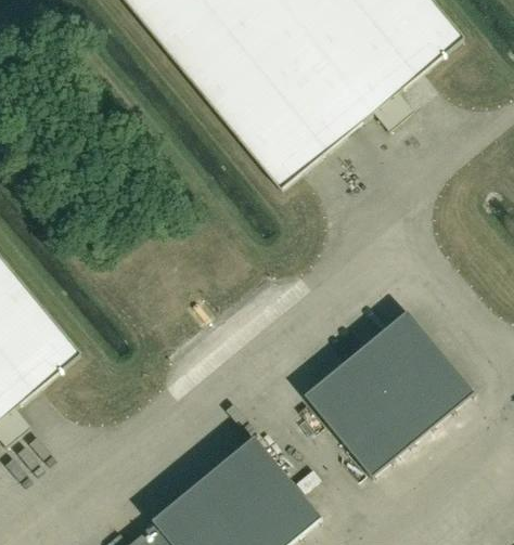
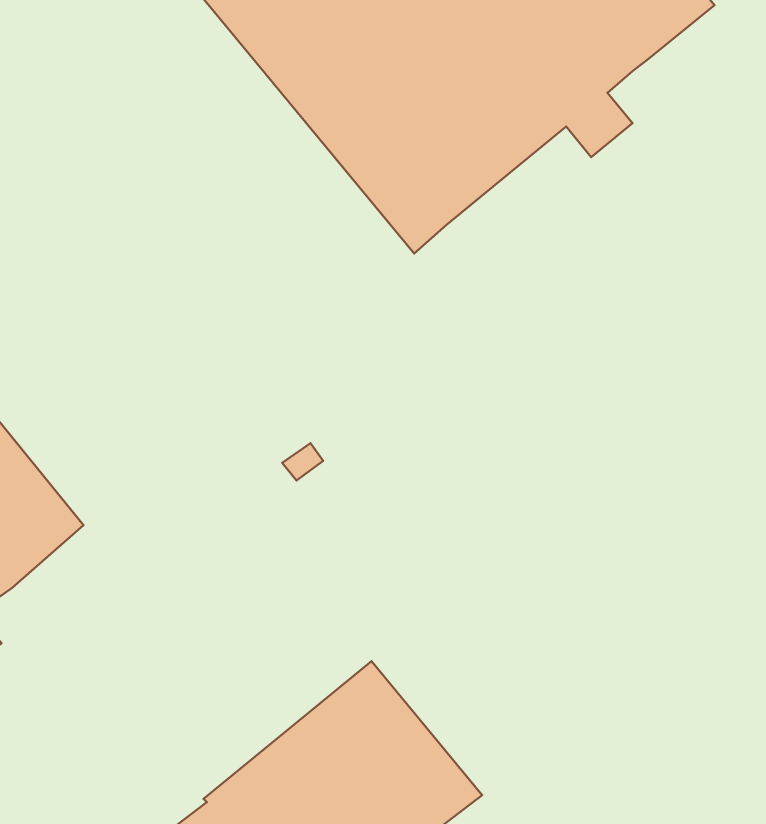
building: [304,309,473,475] -> none

